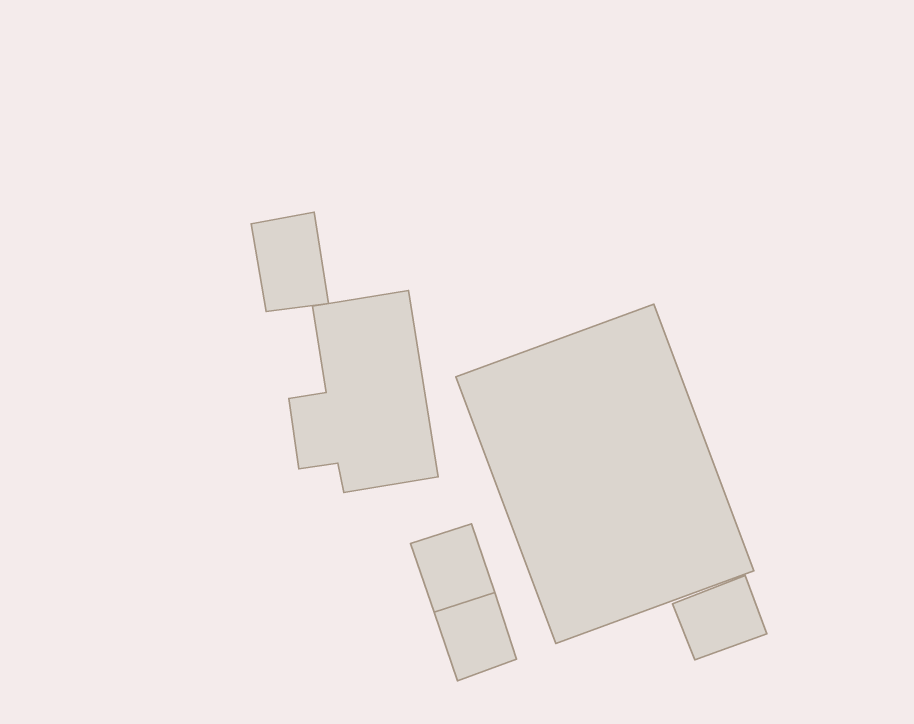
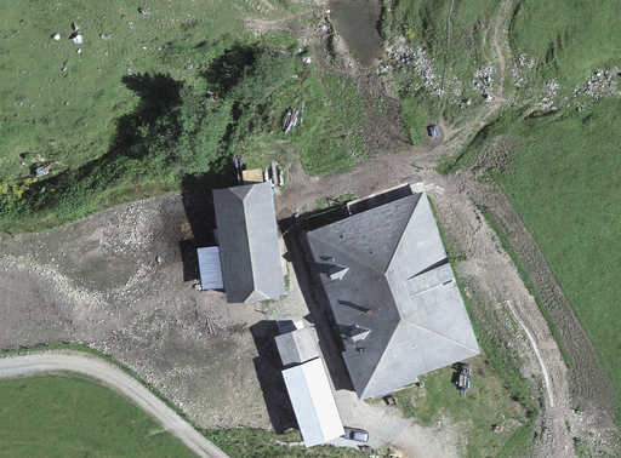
building: [251,212,329,312] -> none
building: [672,576,767,660] -> none

